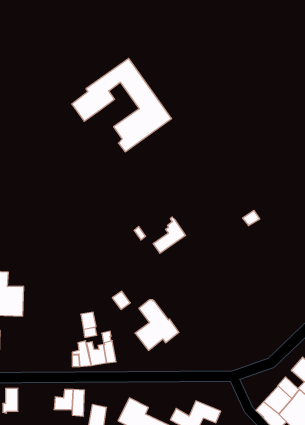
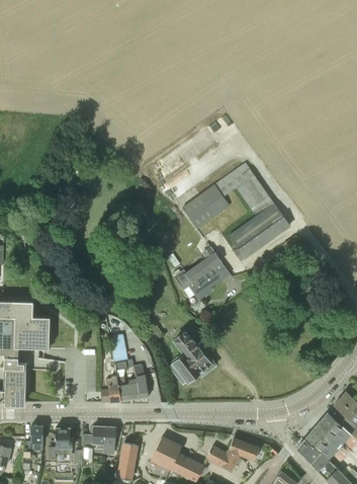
building: [72,58,172,152] -> [184,162,290,261]
building: none -> [174,267,224,300]
building: none -> [49,425,73,459]

